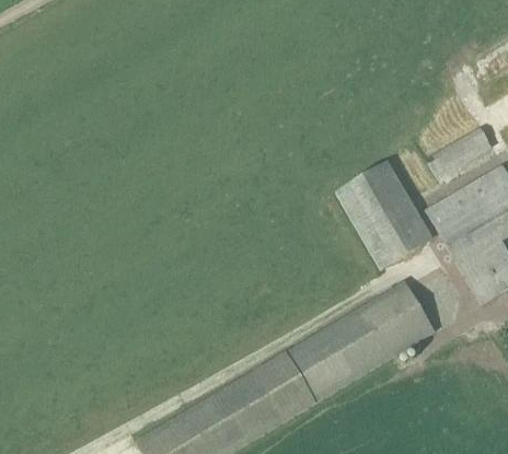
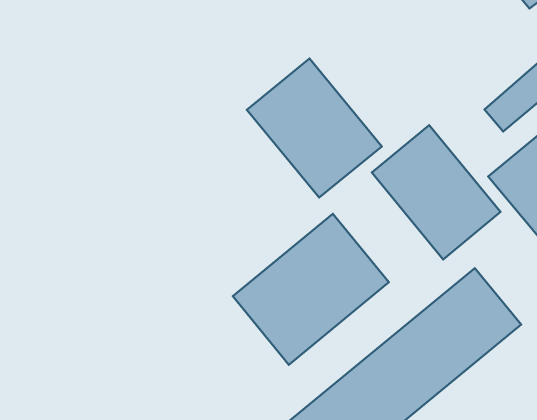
building: none -> [247,59,382,198]
building: none -> [233,214,389,365]

